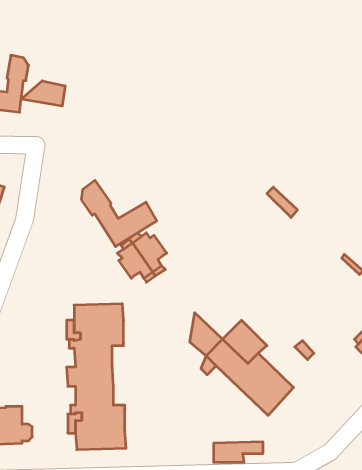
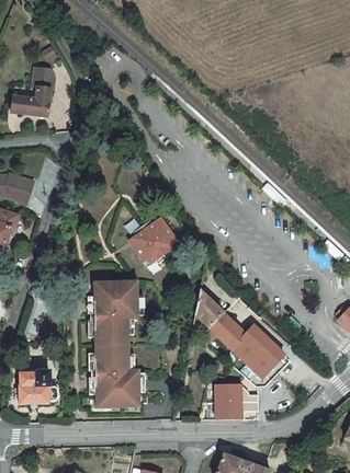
building: [21,81,65,106] -> none
building: [82,180,157,247] -> none
building: none -> [215,384,258,402]

